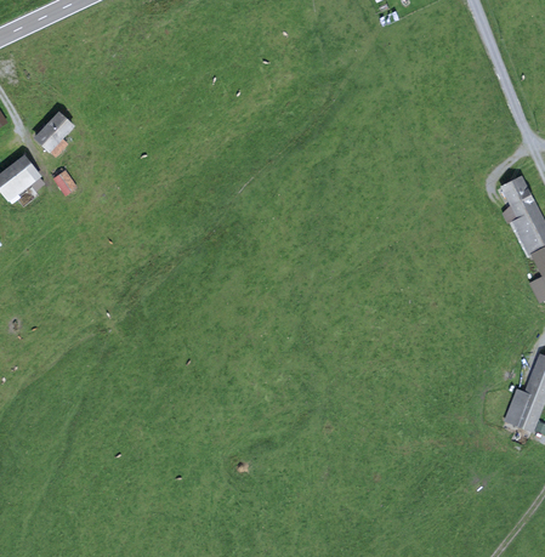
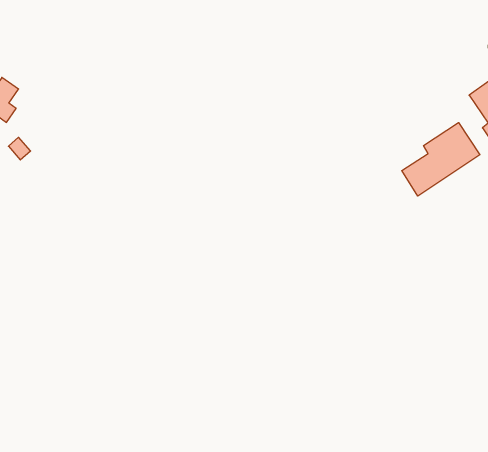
building: none -> [402,123,480,196]

